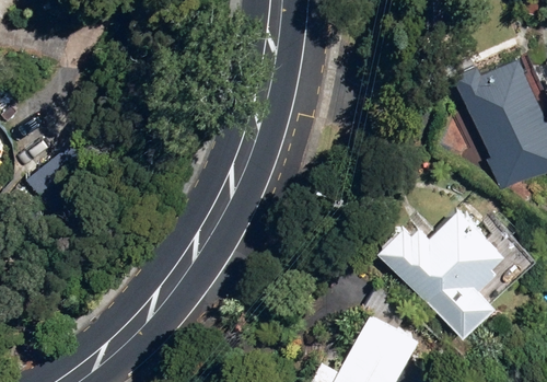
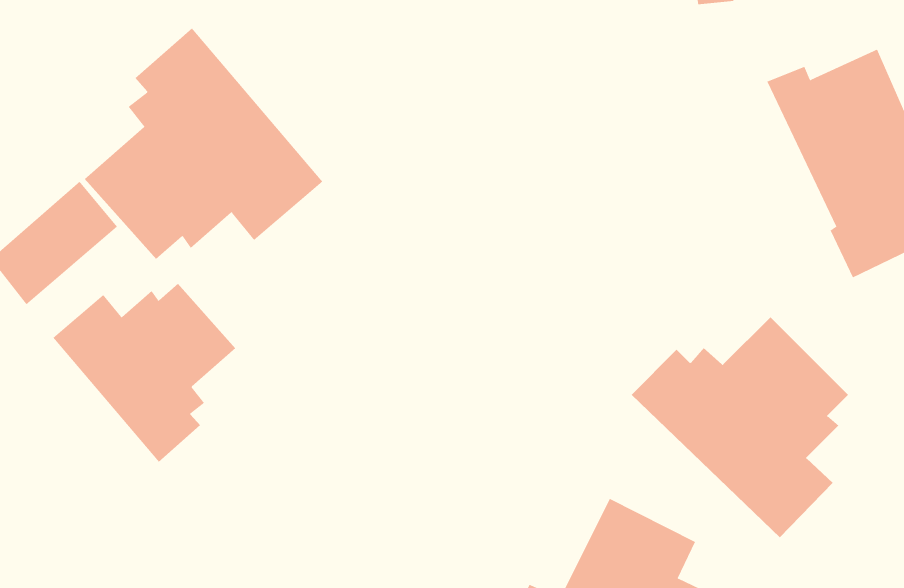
building: none -> [84,27,323,260]
building: none -> [52,283,236,463]

